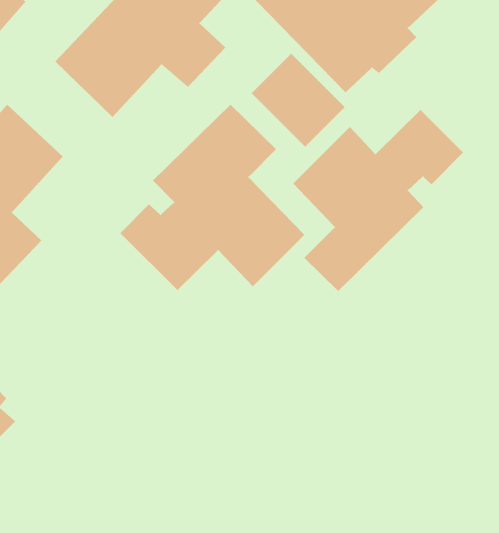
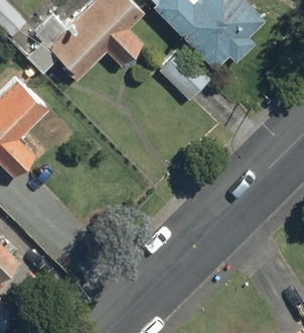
building: [120,104,305,291] -> none
building: [292,109,464,292] -> none

